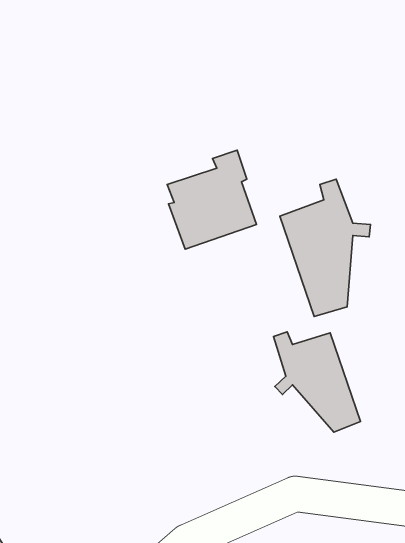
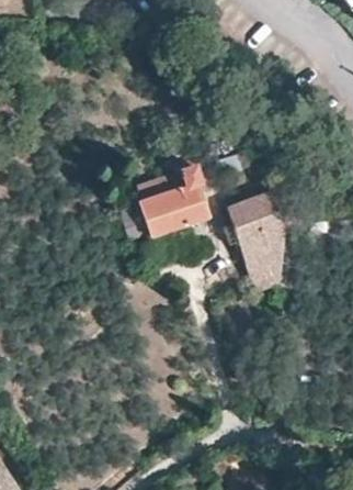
building: [274,332,360,432] -> none

